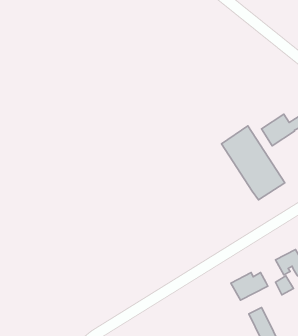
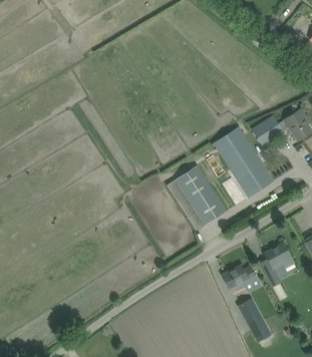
building: none -> [167,163,227,230]

